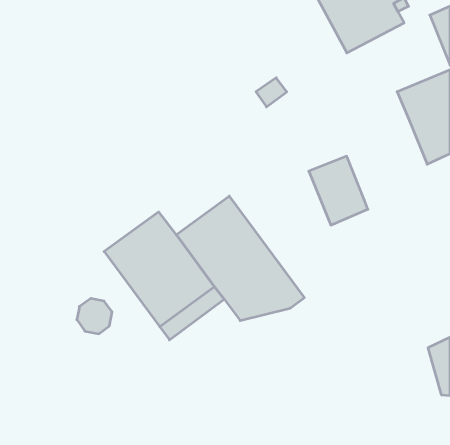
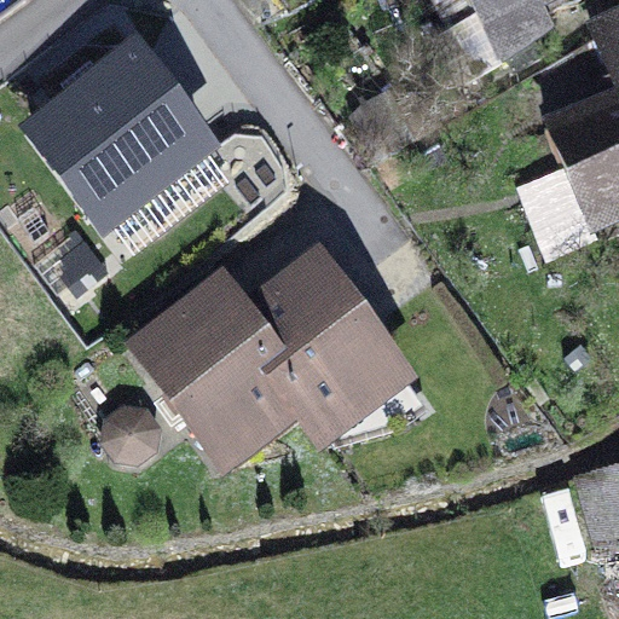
building: none -> [31,22,236,222]
building: [309,156,368,225] -> [509,166,590,260]

